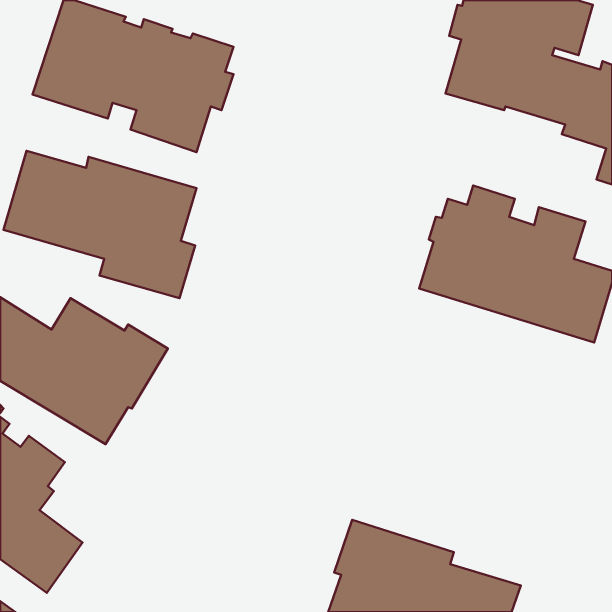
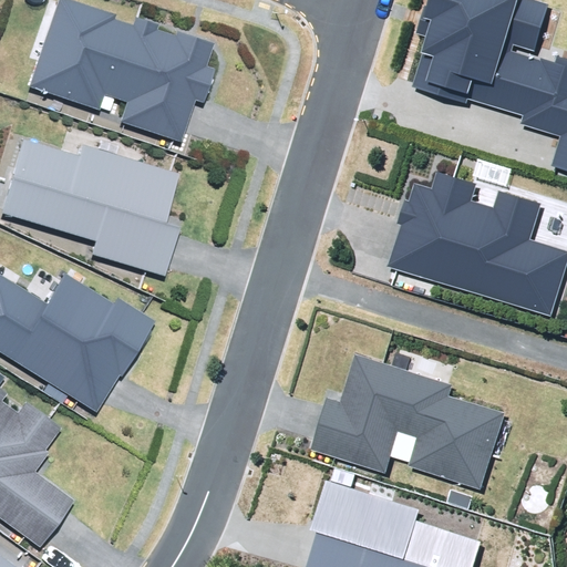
building: none -> [309,354,505,489]

